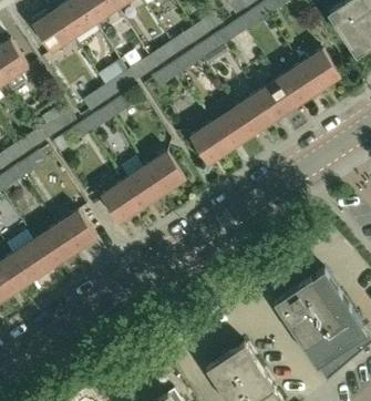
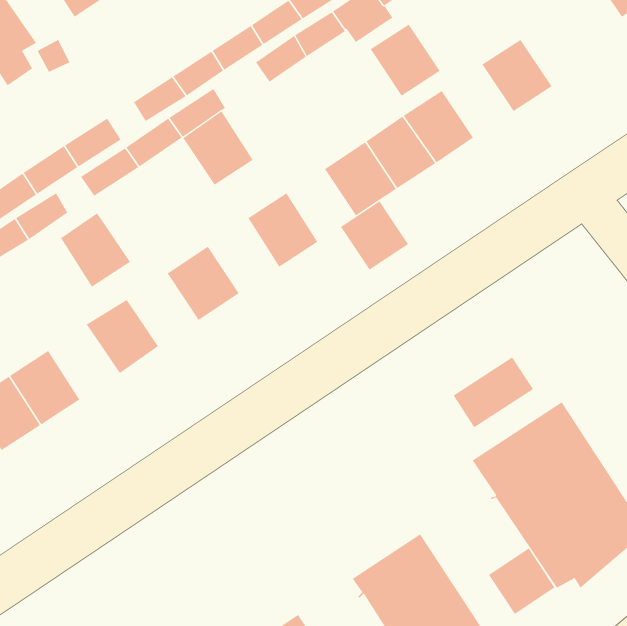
building: [300,49,341,91] -> none
building: [256,79,296,120] -> [370,24,441,97]
building: none -> [340,200,409,271]
building: [124,165,164,207] -> [183,111,253,185]
building: [34,225,74,267] -> [60,213,131,287]
building: none -> [453,356,534,428]
building: none -> [488,547,555,615]

